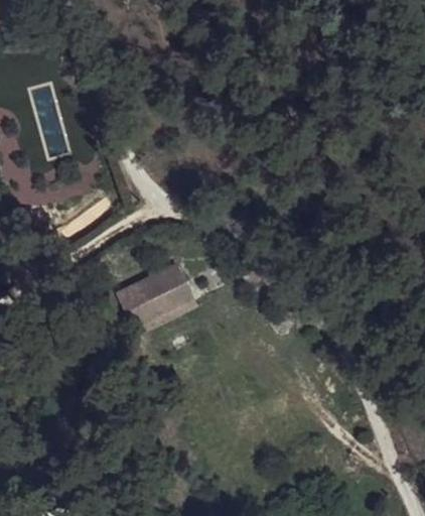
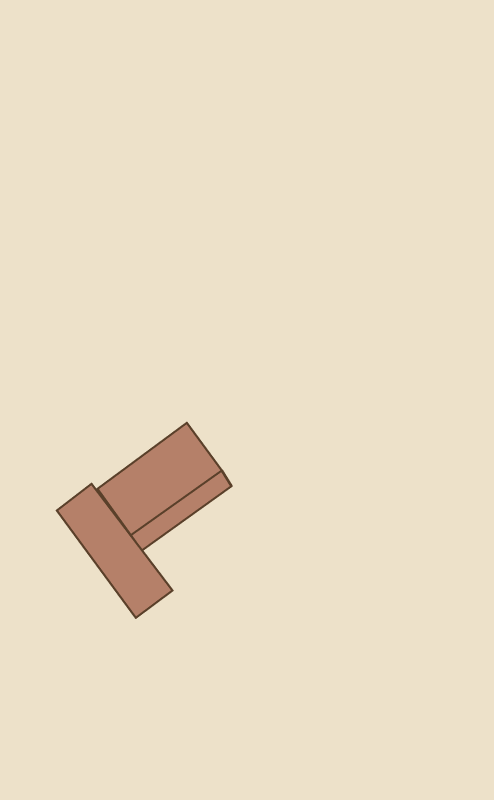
building: none -> [57,484,172,618]

